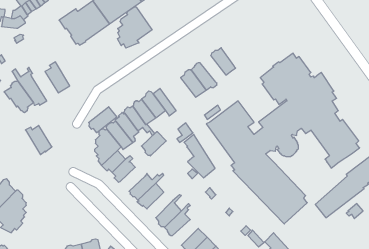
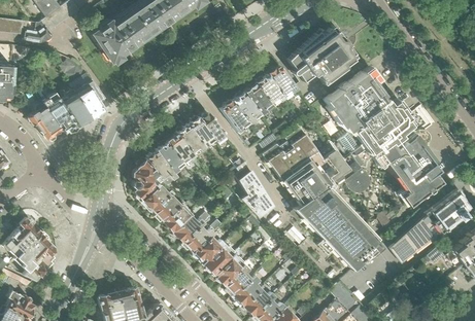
building: [117,7,152,48] -> none
building: none -> [289,28,360,91]
building: none -> [256,75,285,106]
building: none -> [222,101,250,133]
building: [89,107,117,133] -> none
building: [25,125,52,155] -> [60,94,91,128]
building: [141,132,166,156] -> [163,205,192,233]
building: none -> [194,234,224,263]
building: none -> [224,265,253,295]

